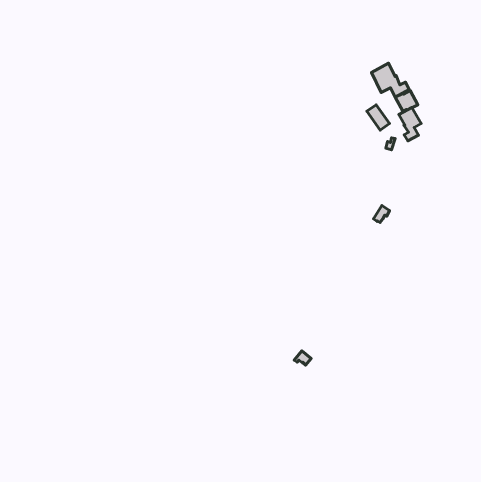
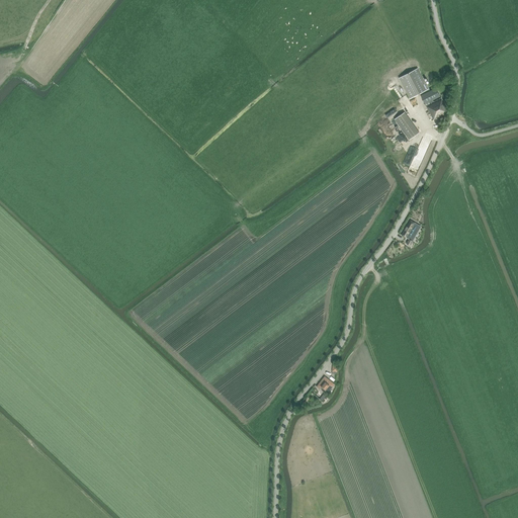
building: [399,108,421,141] -> none

